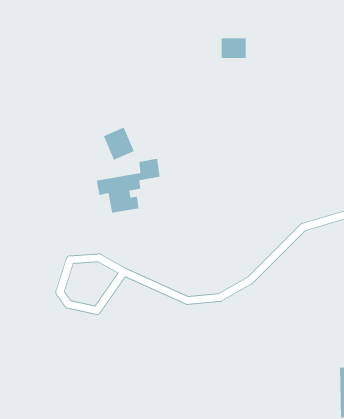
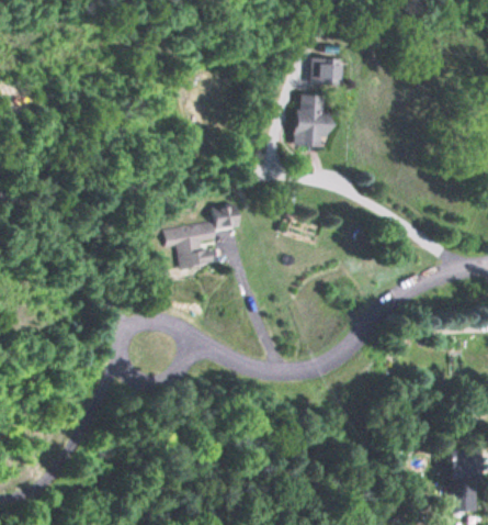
building: none -> [296,94,330,147]
building: [103,127,135,161] -> none

